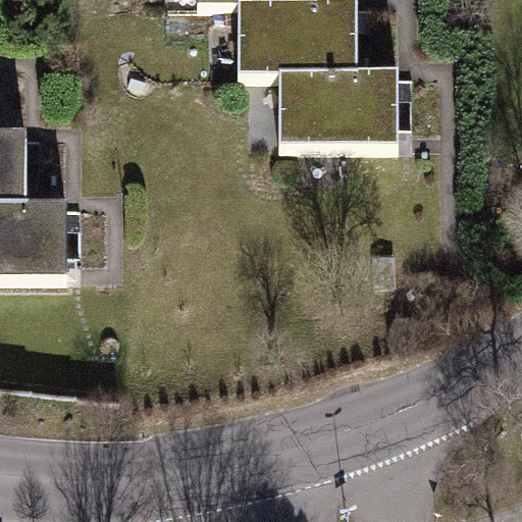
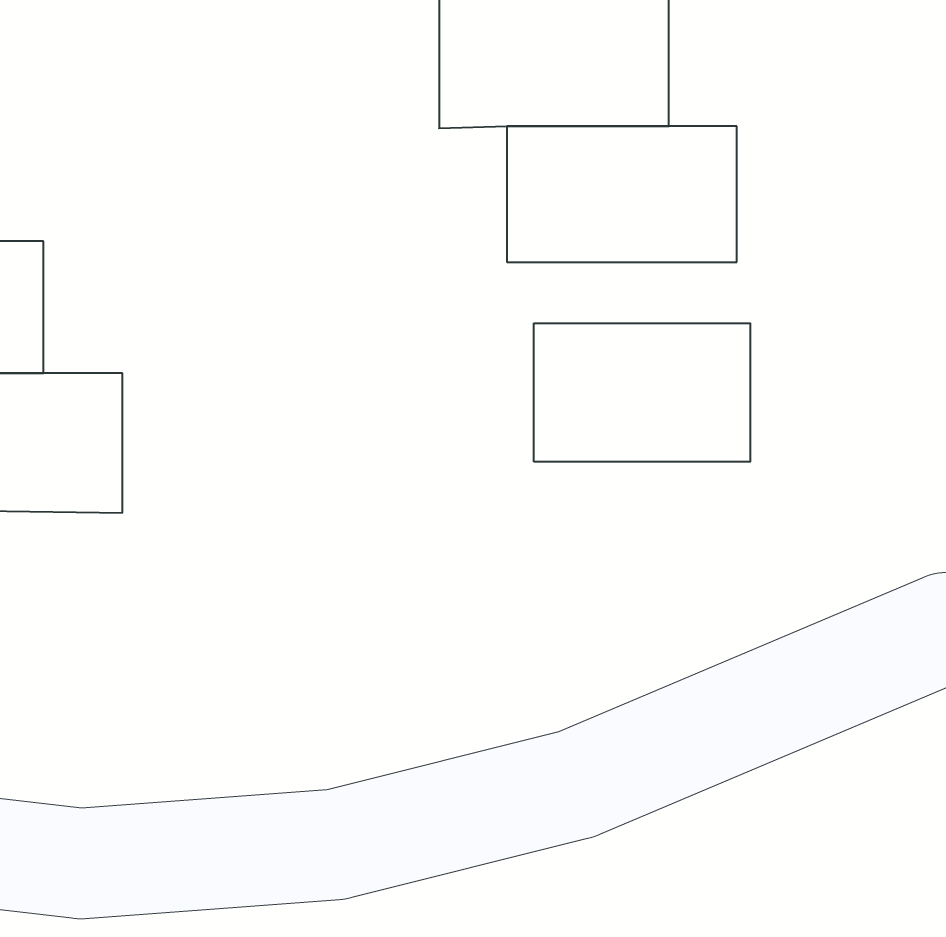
building: none -> [534,323,750,462]

